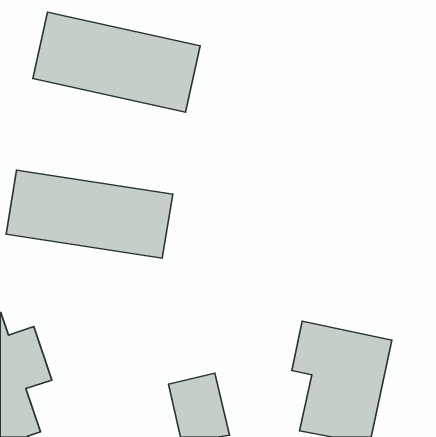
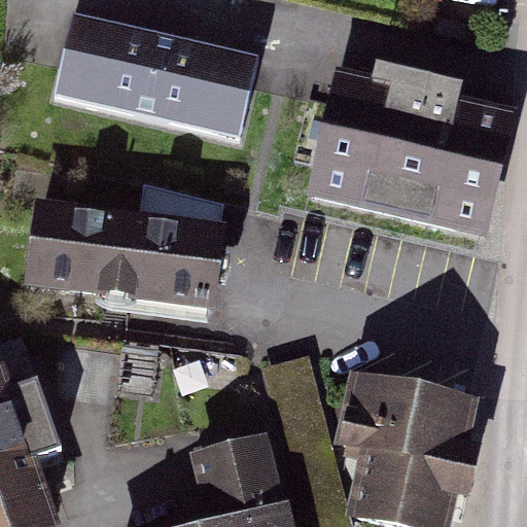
building: none -> [326,81,508,222]

